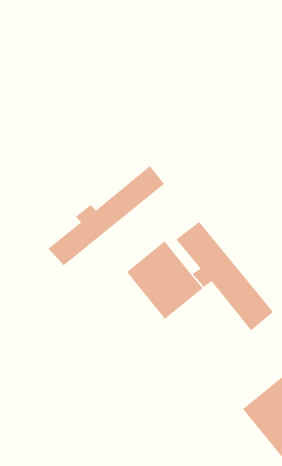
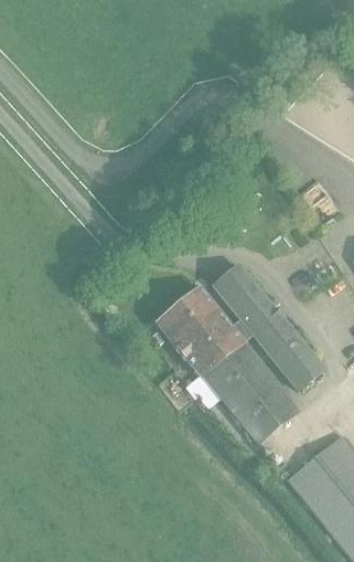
building: [48,165,165,266] -> none
building: none -> [187,344,298,444]

